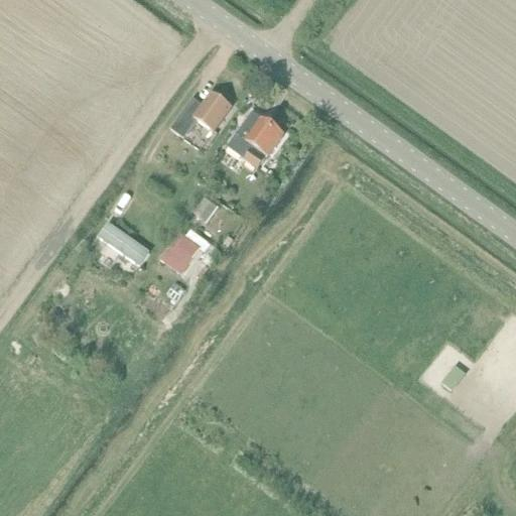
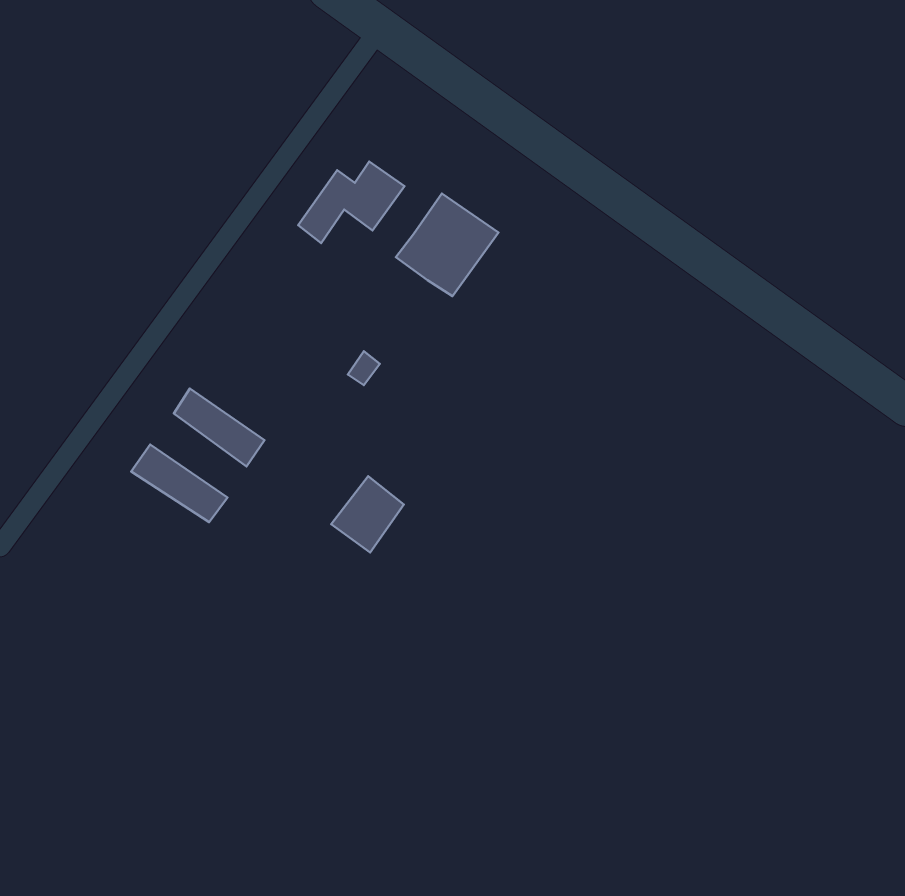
building: [160,231,202,274] -> [331,476,404,552]
building: none -> [131,444,227,522]

